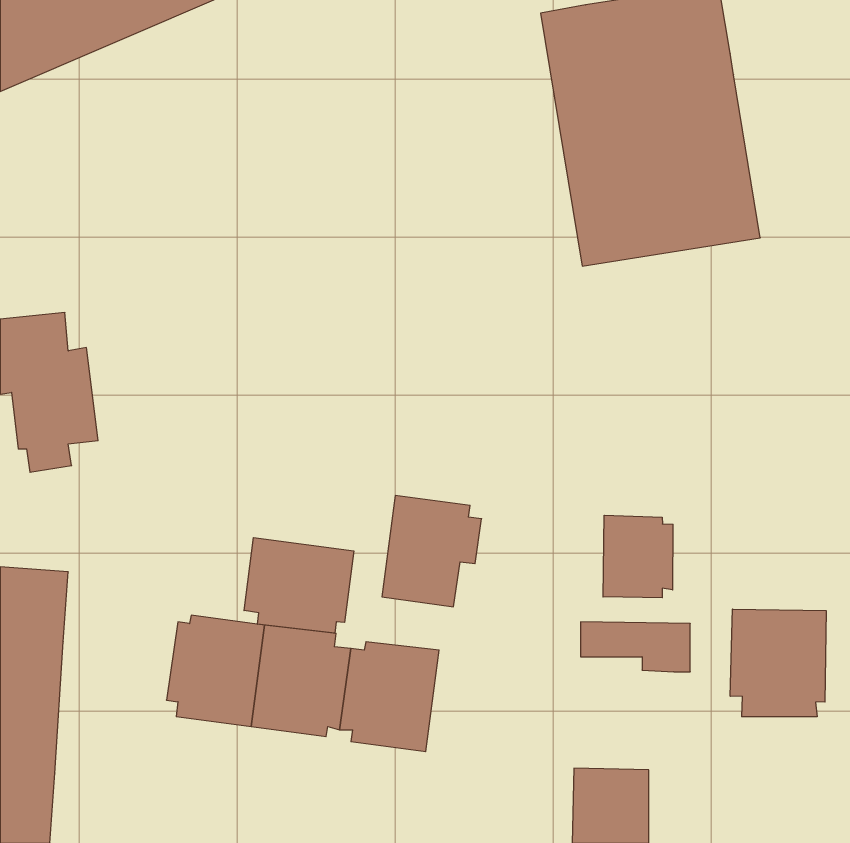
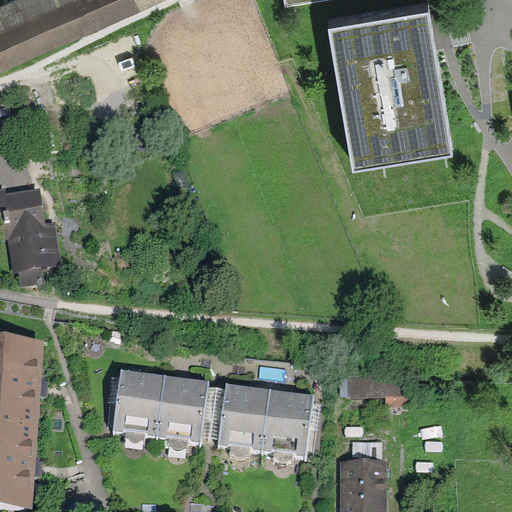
building: [382,495,482,607] -> [256,391,316,458]
building: [603,515,673,598] -> none
building: [244,538,354,633] -> none
building: [730,609,826,717] -> none

